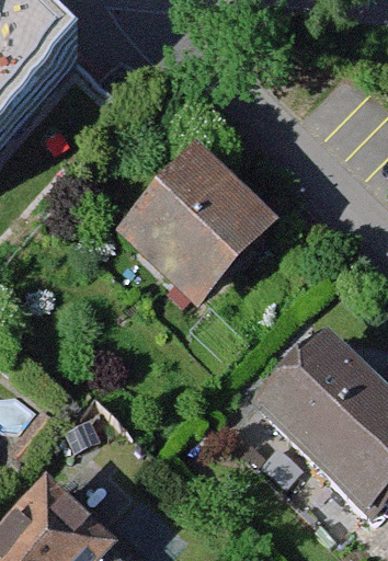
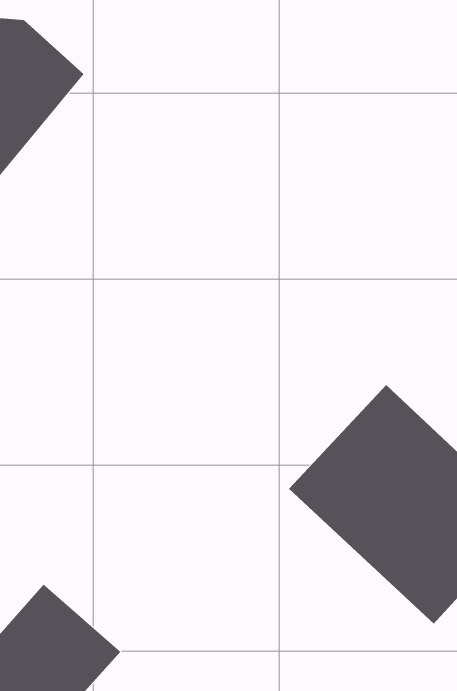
building: [109,139,278,308] -> none

